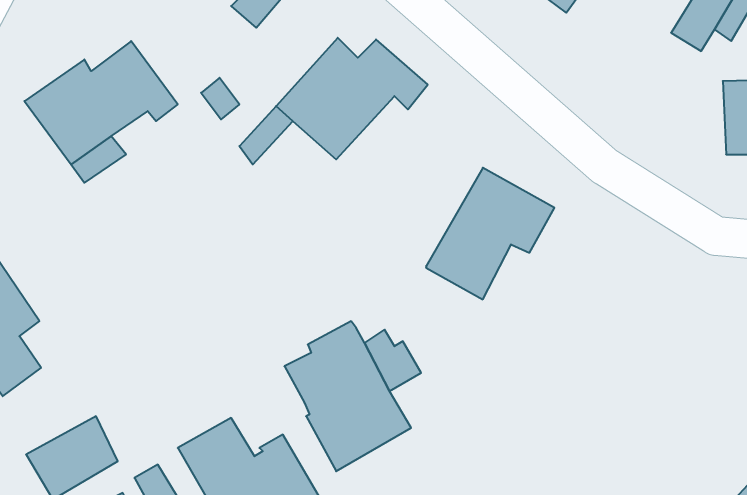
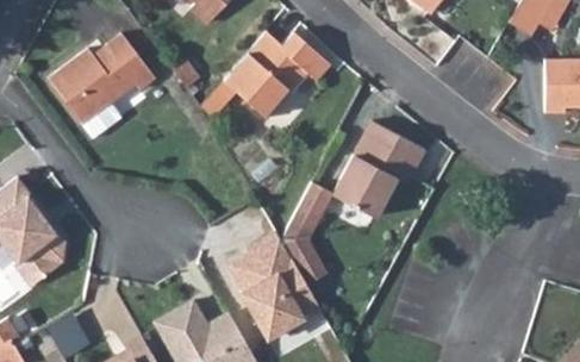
building: none -> [282,182,332,250]

